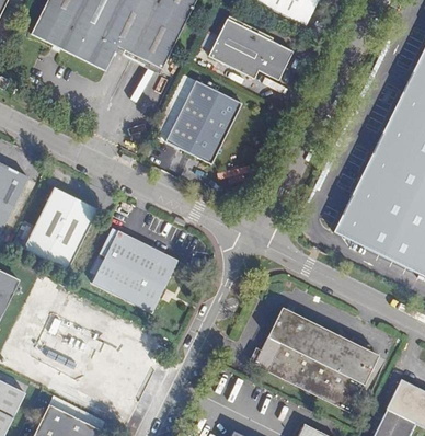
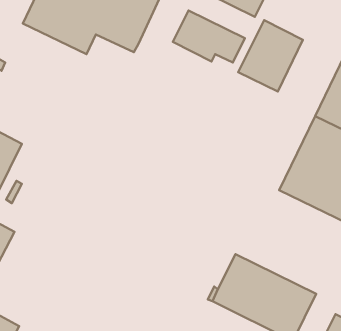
building: [165,80,242,164] -> [238,20,303,92]
building: [24,187,99,269] -> none
building: [92,230,177,313] -> none

